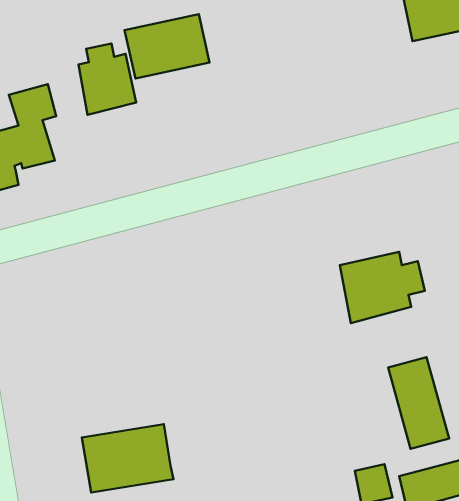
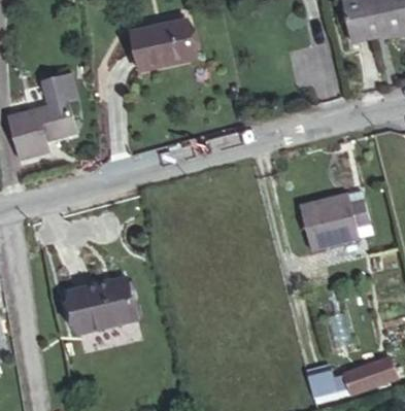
building: [79,43,136,115] -> none
building: [388,357,449,449] -> none
building: [82,424,173,493] -> [59,270,129,322]

